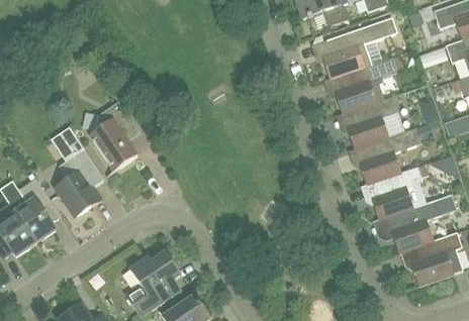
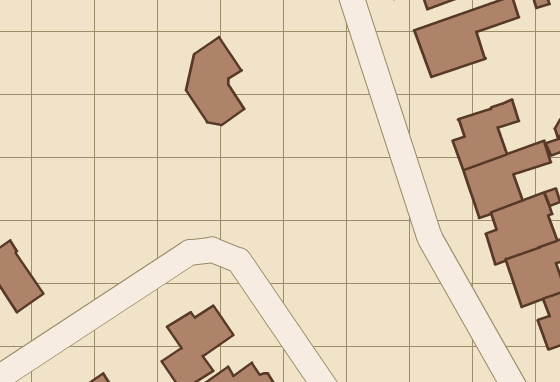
building: [331,57,397,115] -> none
building: [93,101,137,168] -> [186,37,244,125]
building: [52,127,104,217] -> none
building: [14,178,56,243] -> none

